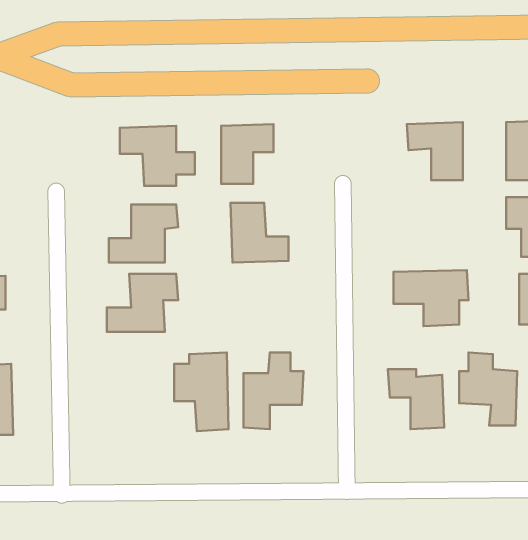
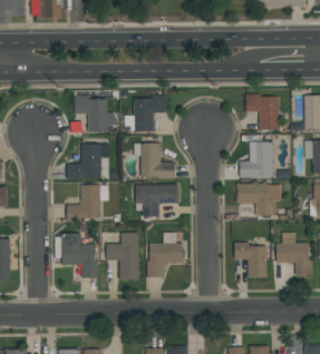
building: none -> [239,141,272,177]
building: none -> [135,184,176,216]
building: none -> [60,234,96,278]

